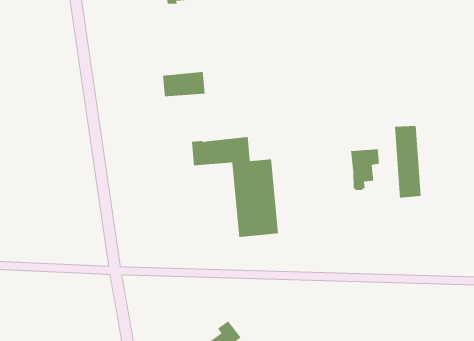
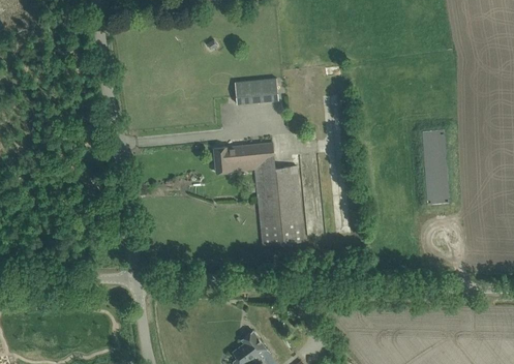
building: [162,72,206,97] -> [235,78,279,103]
building: [351,149,380,191] -> none

